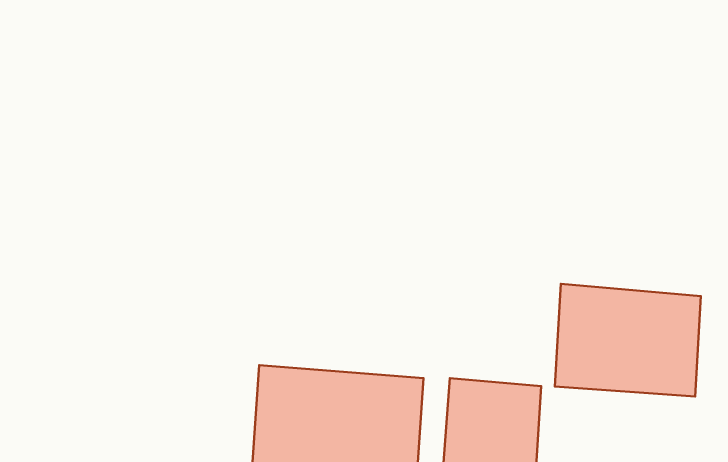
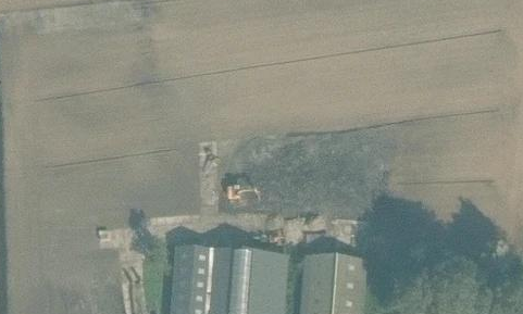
building: [555,284,701,397] -> none

